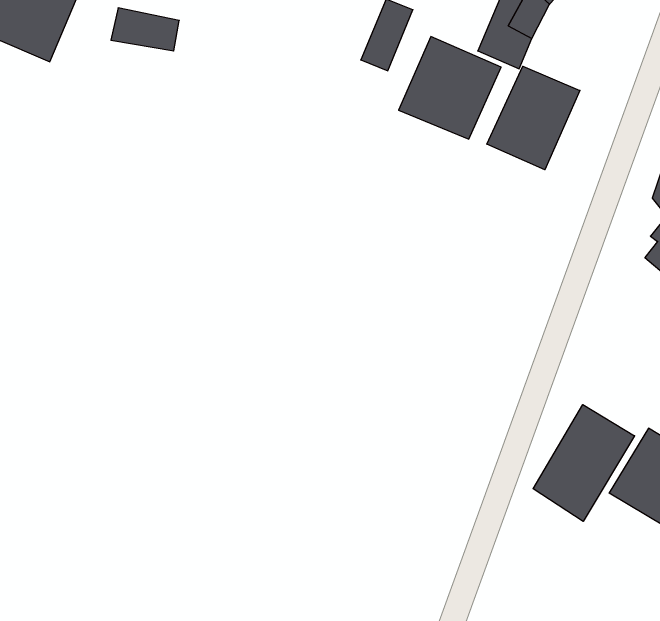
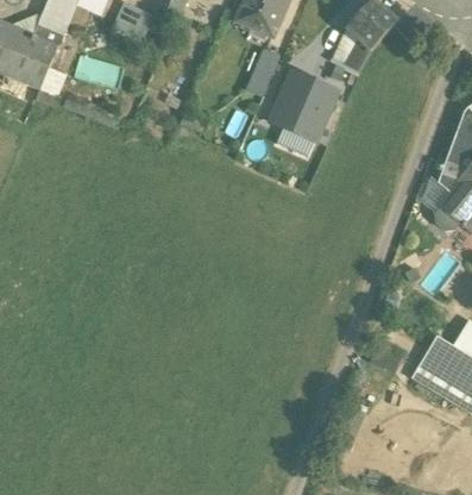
building: [487,66,580,170] -> none
building: [533,405,635,521] -> none

